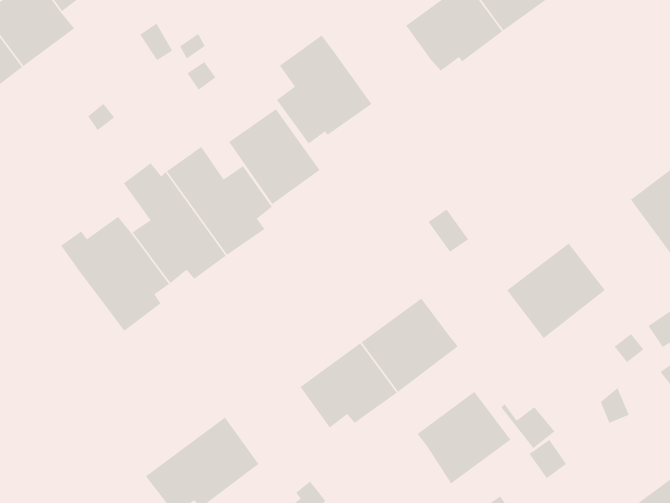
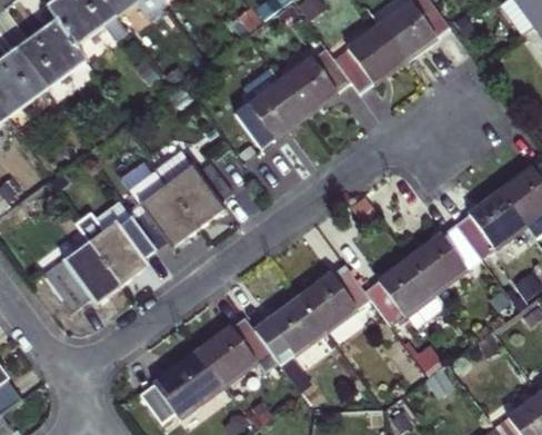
building: none -> [280,46,350,117]
building: [228,108,321,205] -> none
building: none -> [454,188,525,256]
building: none -> [42,241,122,310]
building: none -> [198,316,278,386]
building: [416,391,512,484] -> [364,256,435,326]

